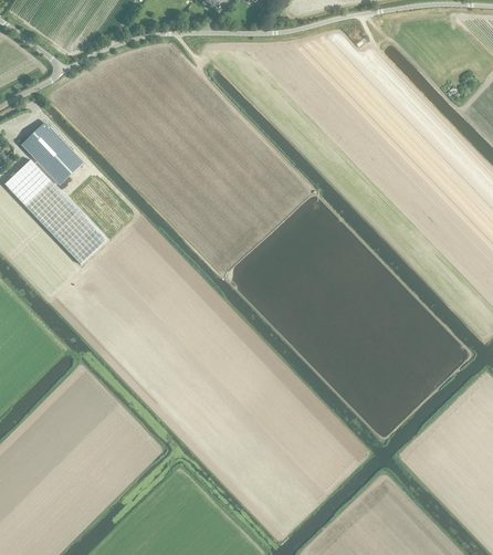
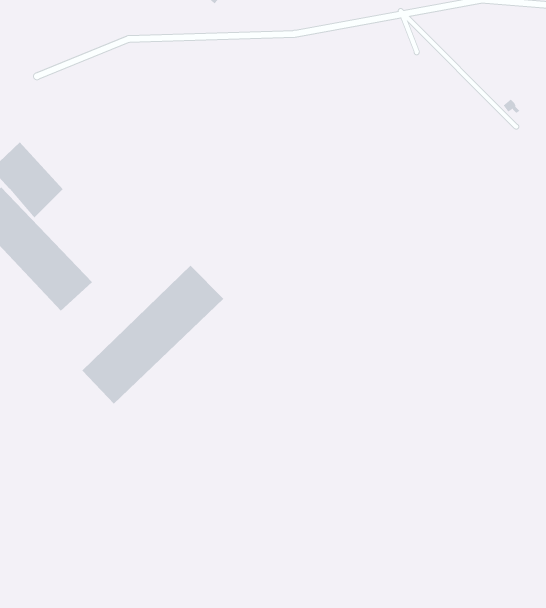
building: none -> [81,265,224,404]

